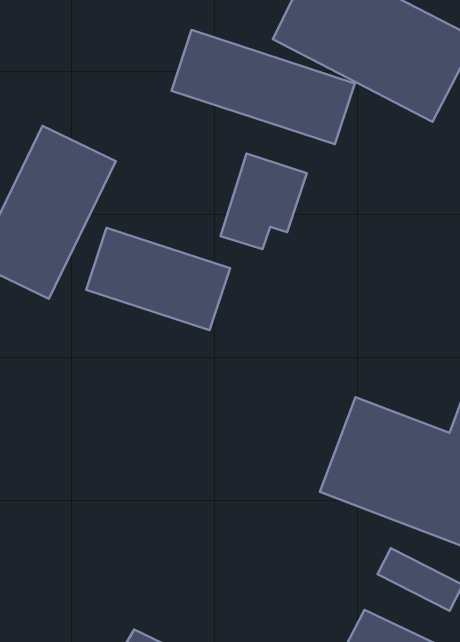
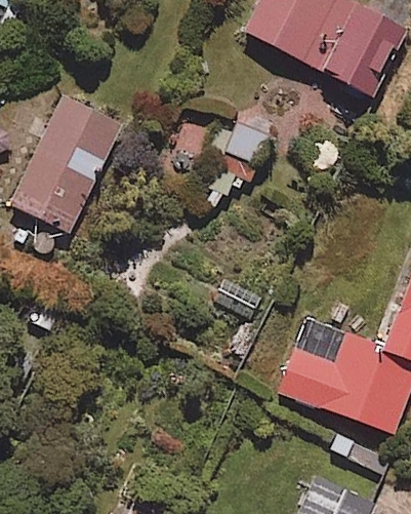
building: [171,30,355,144] -> none
building: [86,228,230,330] -> none

